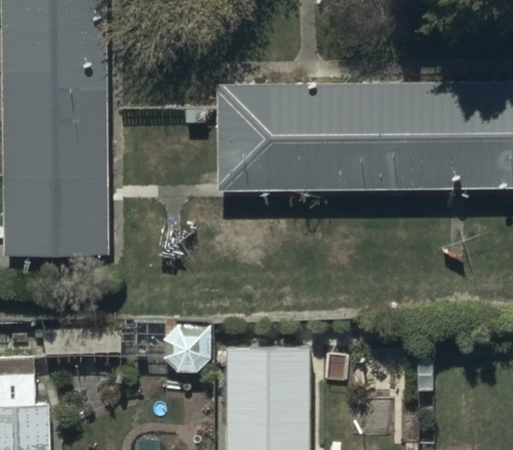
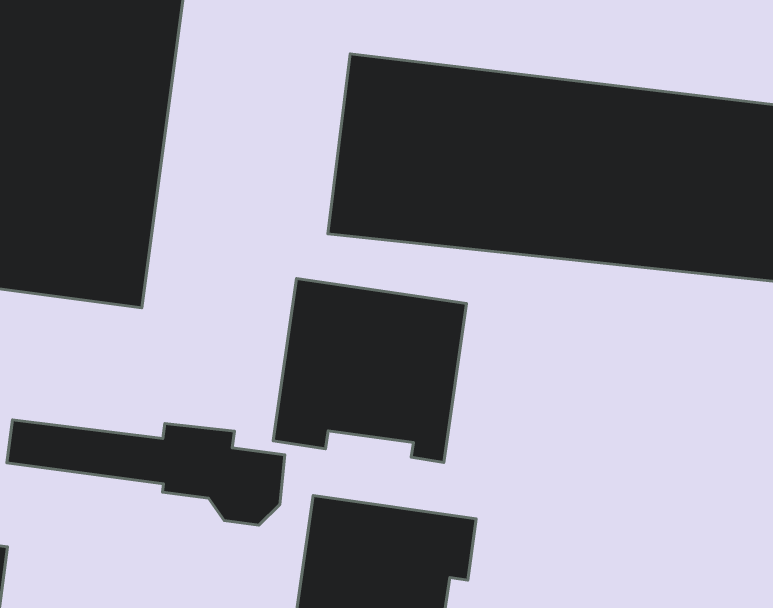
building: none -> [273,278,467,462]

